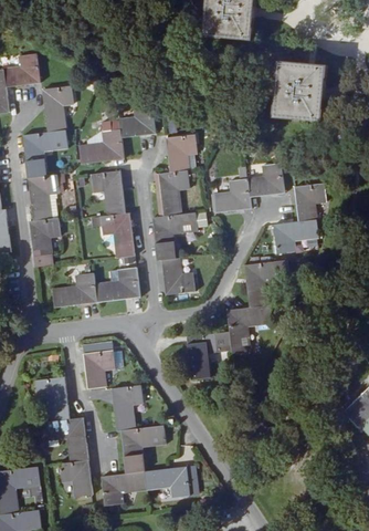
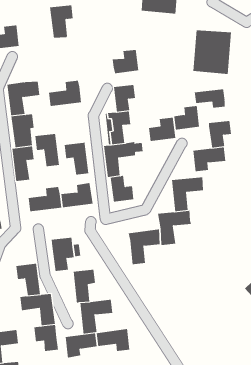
building: [41,86,74,132] -> [49,5,74,38]
building: [118,105,155,138] -> [112,49,139,74]
building: none -> [194,88,225,109]
building: [91,170,125,216] -> [34,133,60,167]

